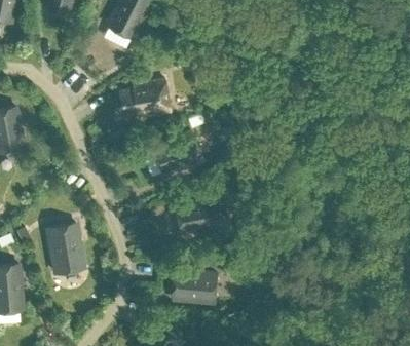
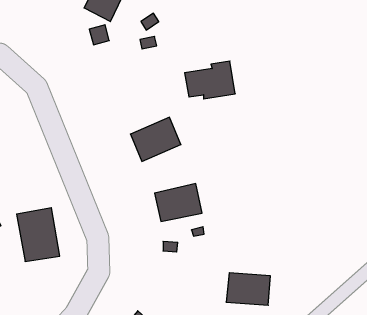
building: [121,81,171,118] -> [185,61,235,99]
building: [174,272,217,304] -> [226,273,270,305]

